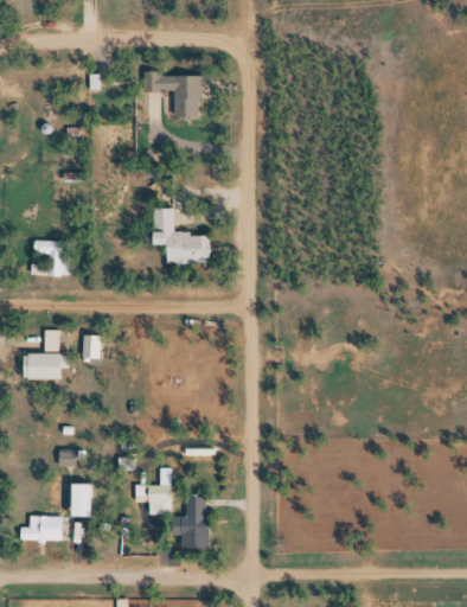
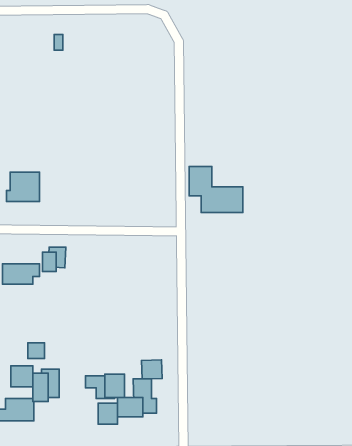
building: [153,75,204,117] -> none
building: [153,207,218,263] -> [189,167,243,212]
building: none -> [142,360,162,379]
building: none -> [11,366,33,387]
building: none -> [98,403,118,424]

